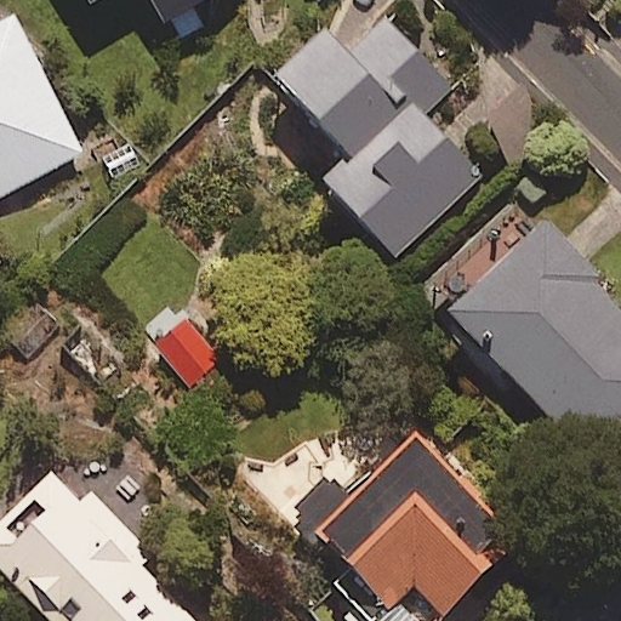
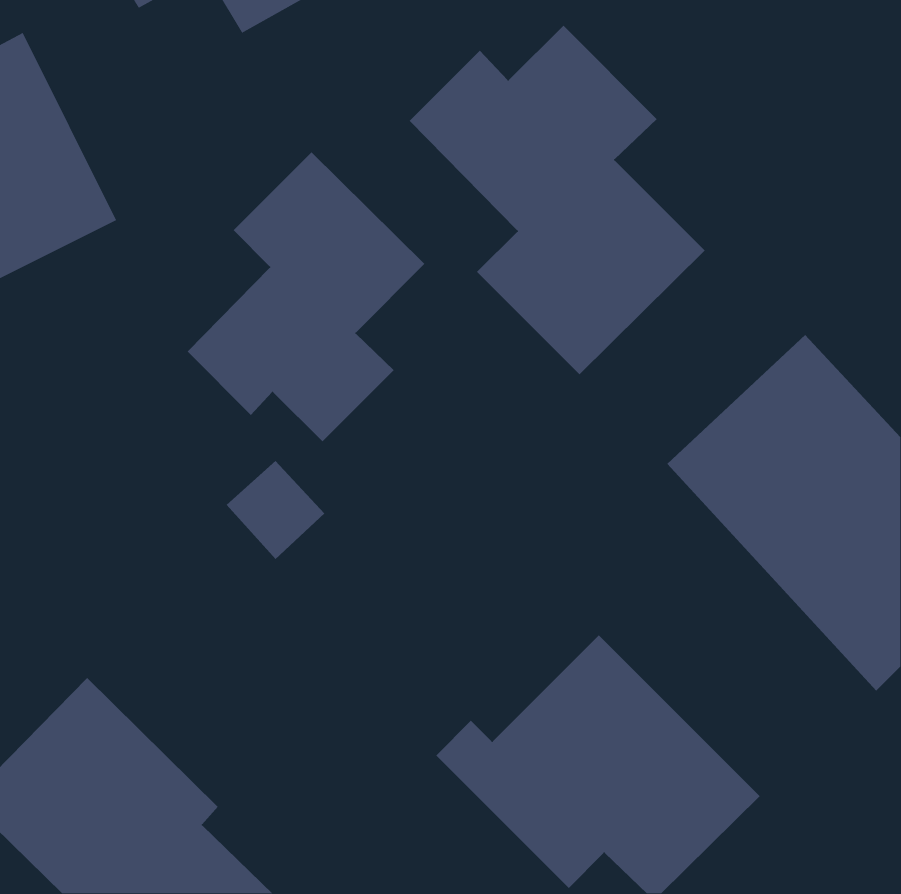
building: none -> [187,151,425,442]

